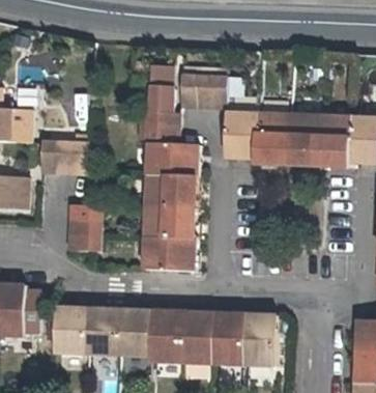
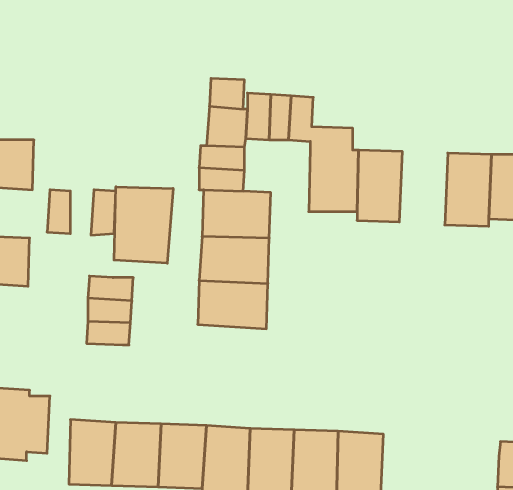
building: [287,115,321,167] -> none
building: none -> [114,187,173,263]
building: [143,237,193,272] -> none

